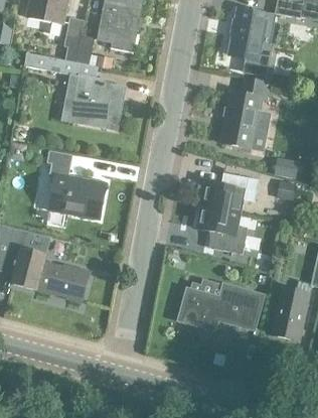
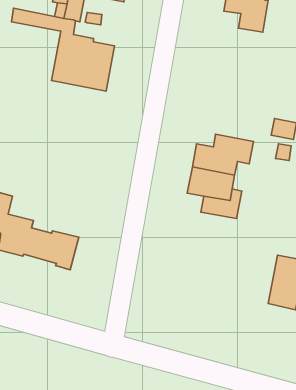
building: [221,77,269,146] -> none
building: [48,149,107,218] -> none
building: [178,284,262,328] -> none

